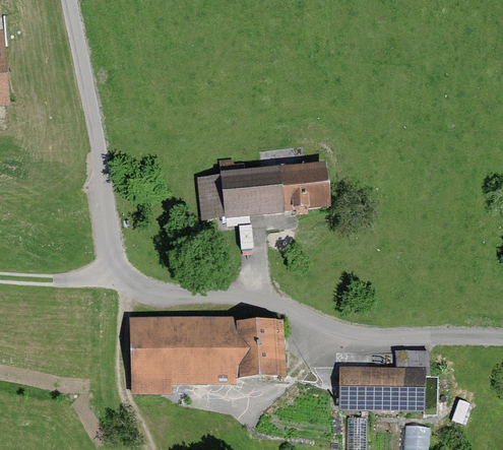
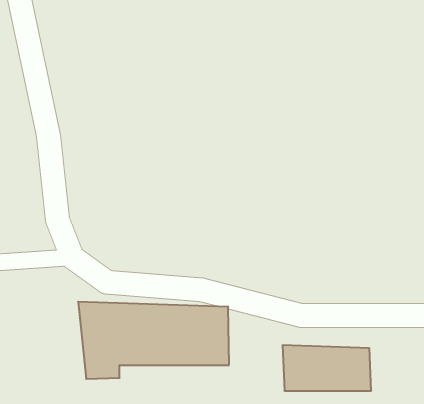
building: [195,162,328,217] -> none

